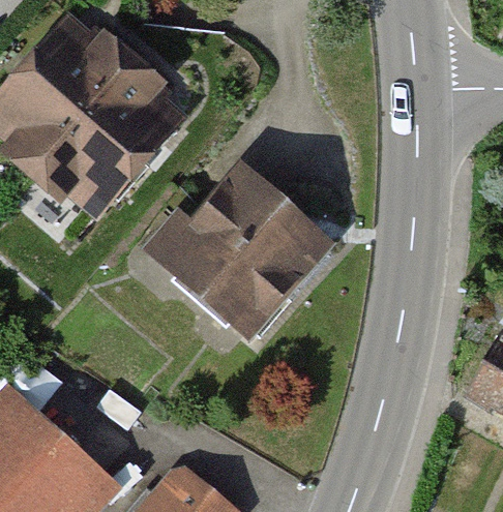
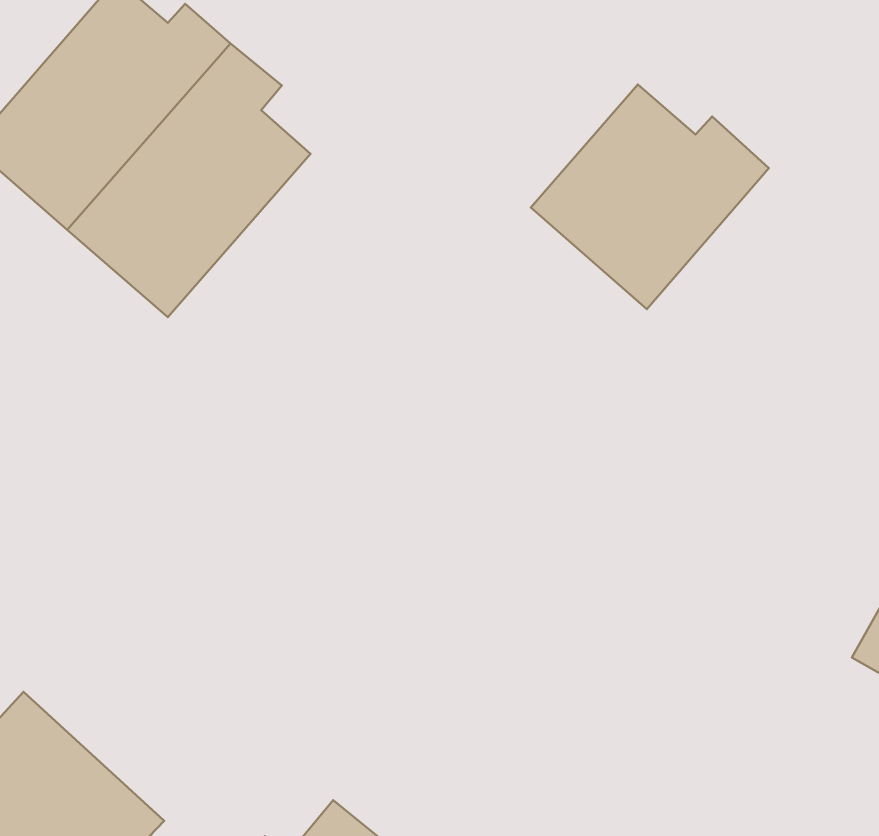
building: none -> [531,85,769,309]
building: [171,175,324,329] -> none

